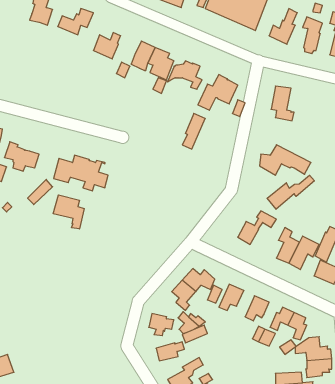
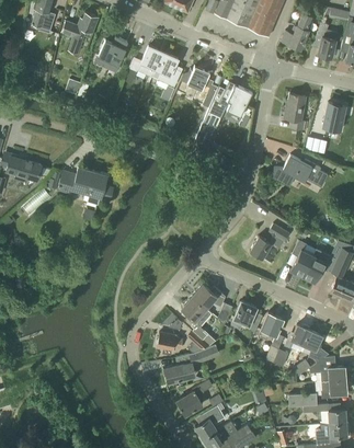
building: none -> [326,101,347,129]
building: [267,175,314,209] -> none
building: [53,195,84,229] -> none

